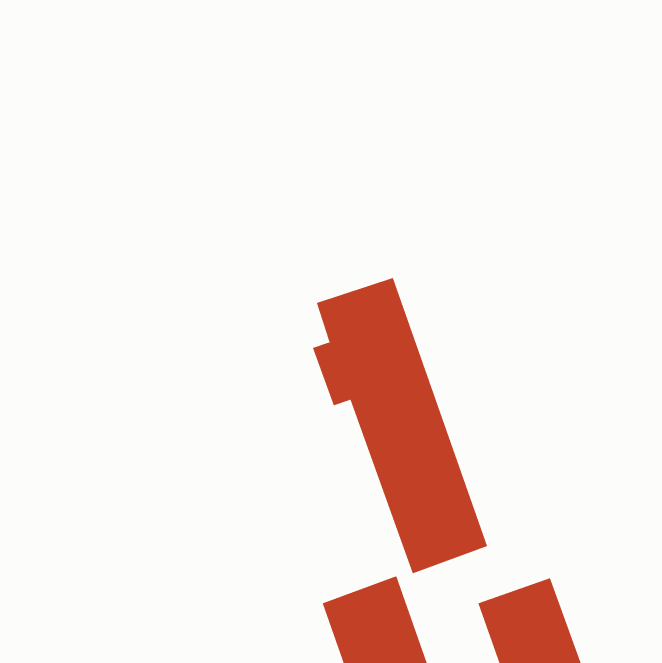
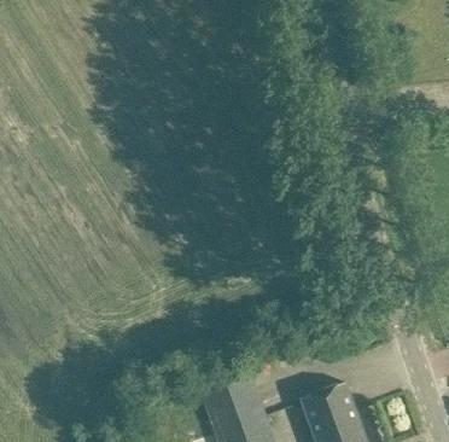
building: [312,277,488,574] -> none

